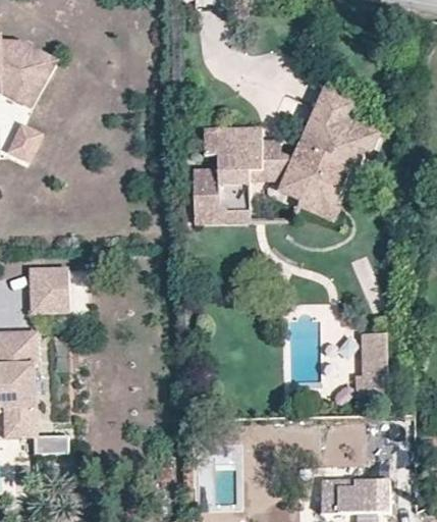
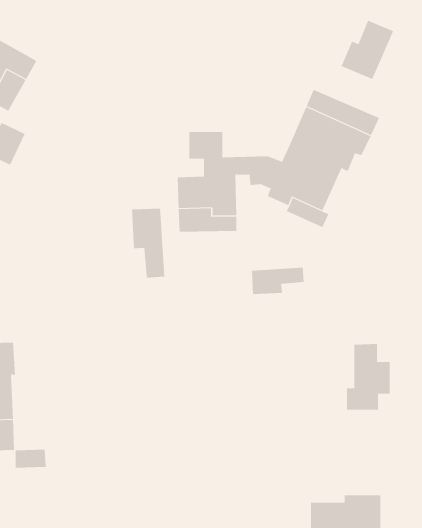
building: none -> [341,20,394,80]
building: [236,127,299,157] -> none
building: none -> [131,208,165,279]
building: none -> [251,267,304,295]
building: [29,267,68,313] -> none

